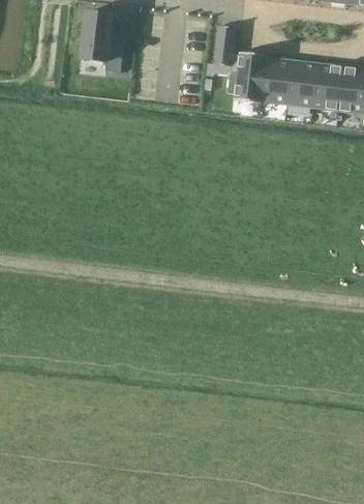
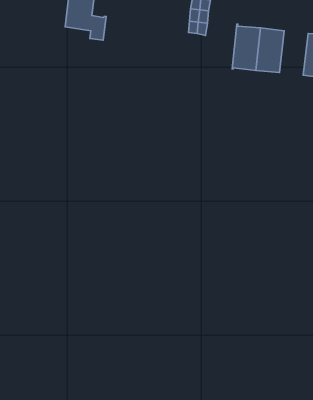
building: [229,52,267,103] -> none
building: [313,62,344,111] -> none

